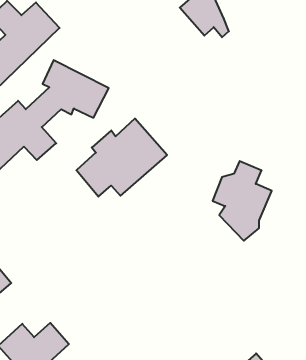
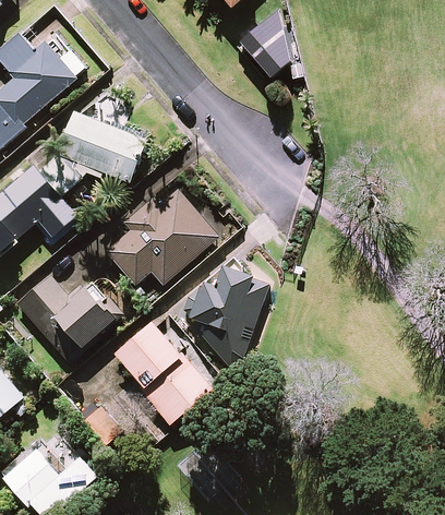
building: [213,161,272,241] -> [189,265,265,368]
building: none -> [15,275,120,361]
building: none -> [115,322,214,423]

